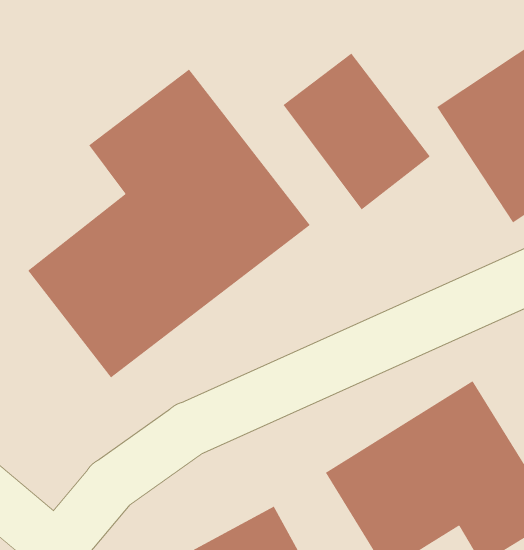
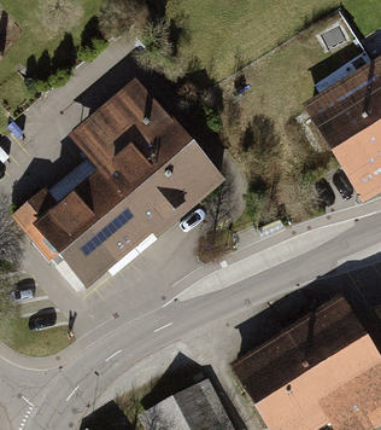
building: [282,53,431,211] -> none

